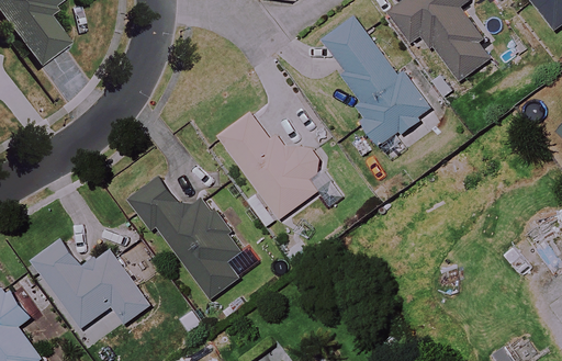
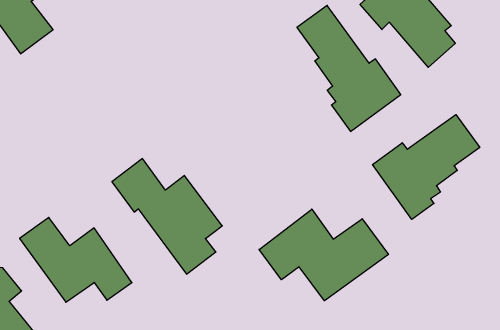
building: [217,113,333,219] -> none
building: none -> [373,115,480,219]
building: none -> [259,209,388,301]

